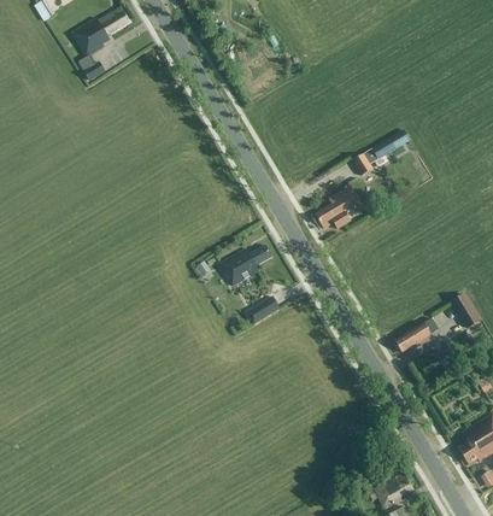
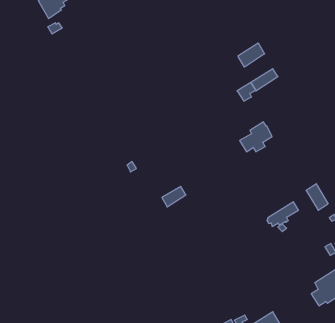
building: none -> [238,43,265,67]
building: [316,186,362,228] -> [240,122,272,152]
building: [221,244,270,286] -> none

